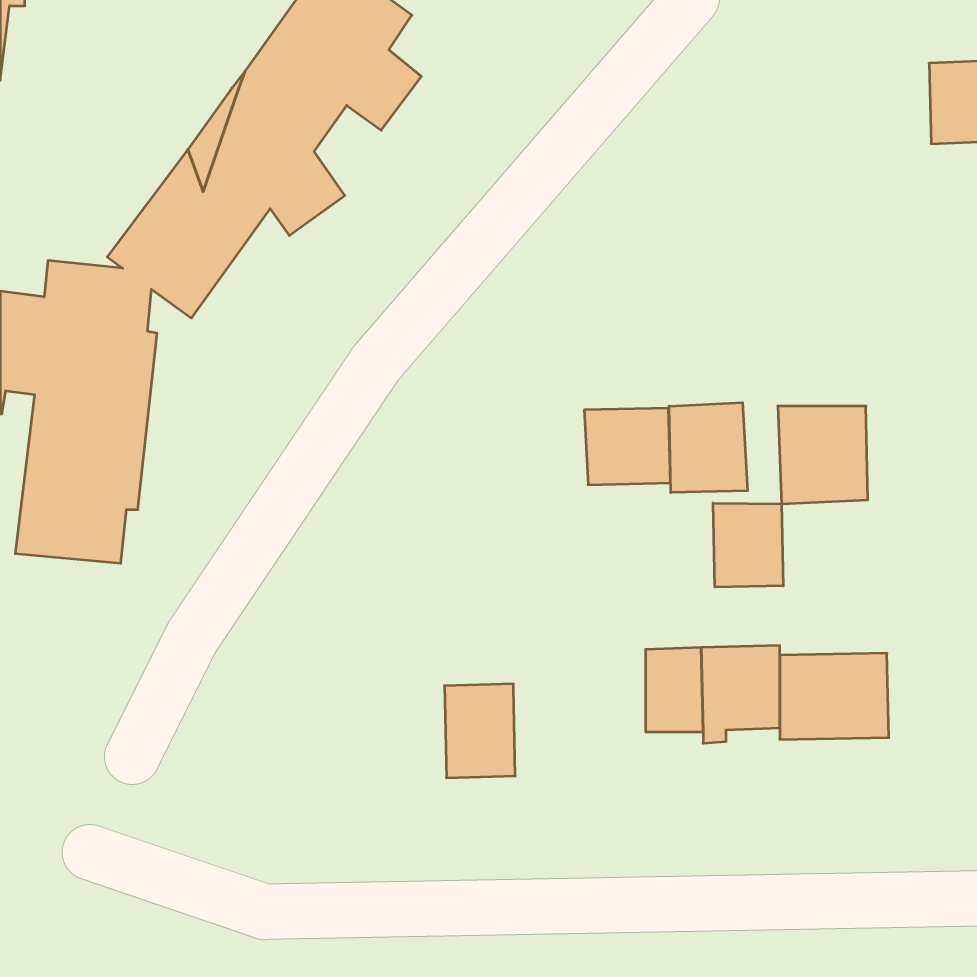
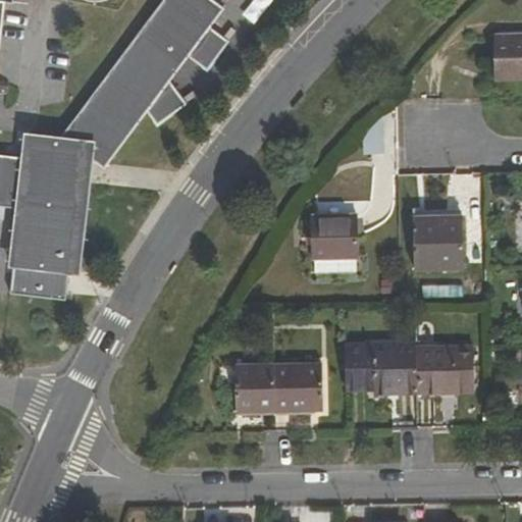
building: [669,403,747,493] -> none
building: [713,503,783,587] -> none
building: none -> [274,365,320,413]

